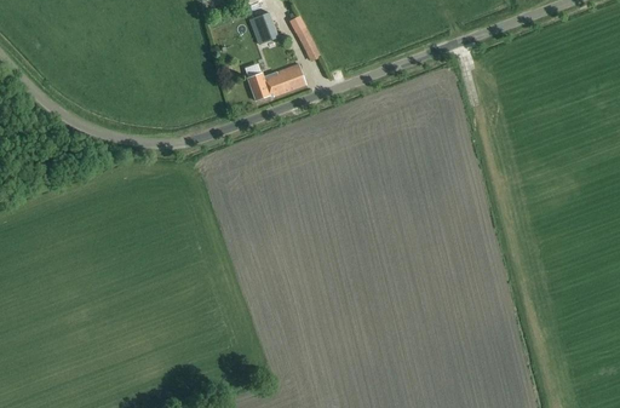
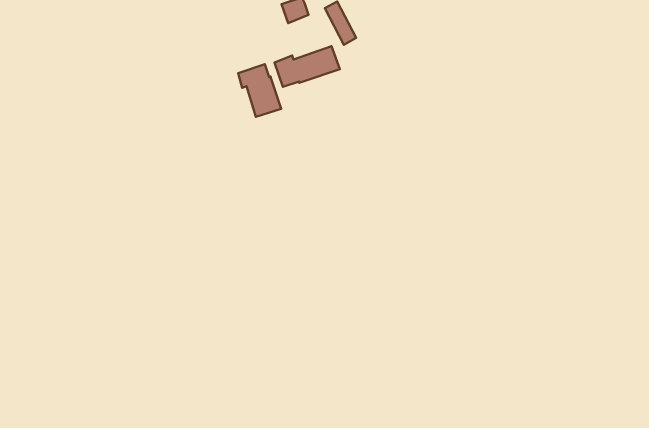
building: none -> [238,64,281,117]

